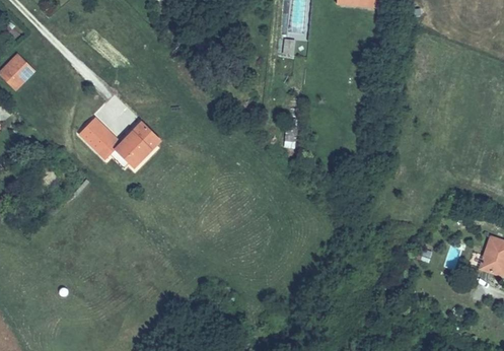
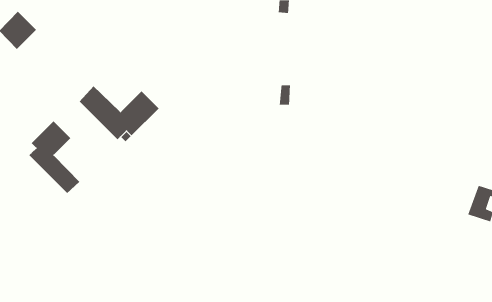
building: none -> [28,120,80,194]

